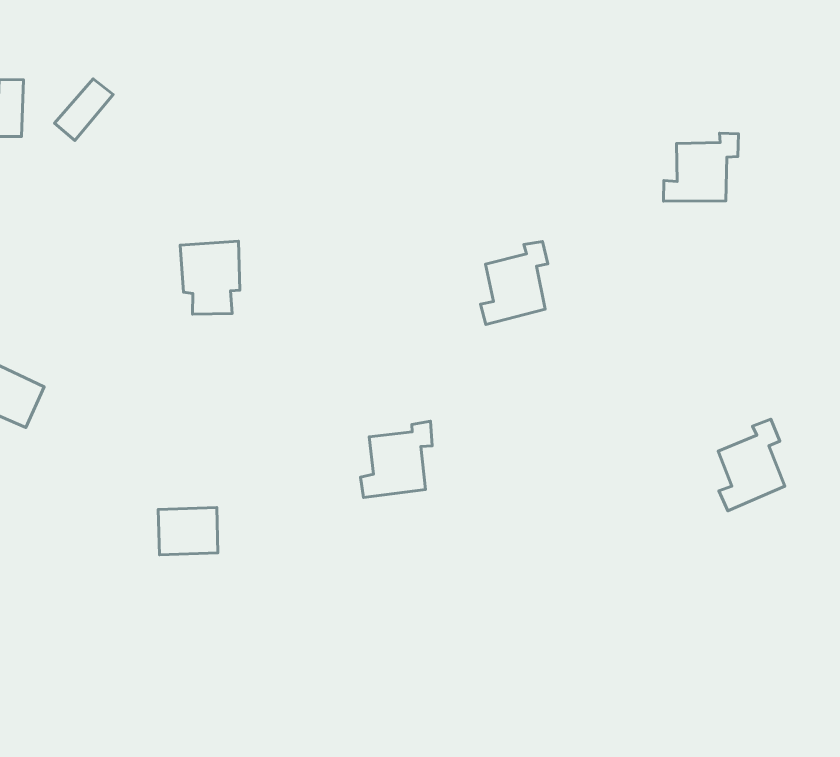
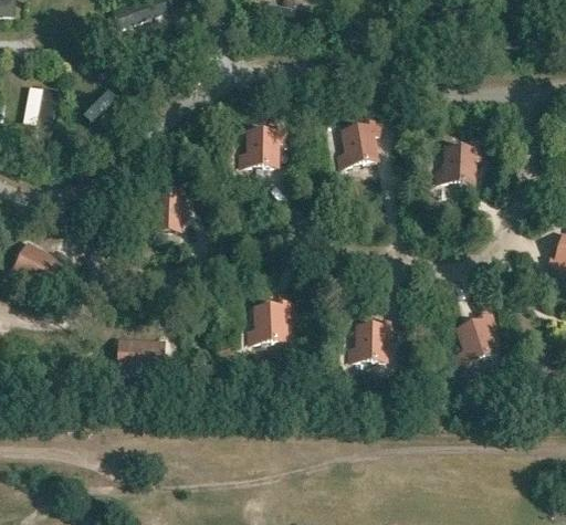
building: none -> [240,126,284,166]
building: [481,241,548,325] -> [338,119,379,166]
building: none -> [348,319,394,359]

